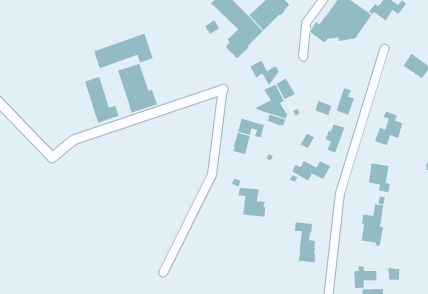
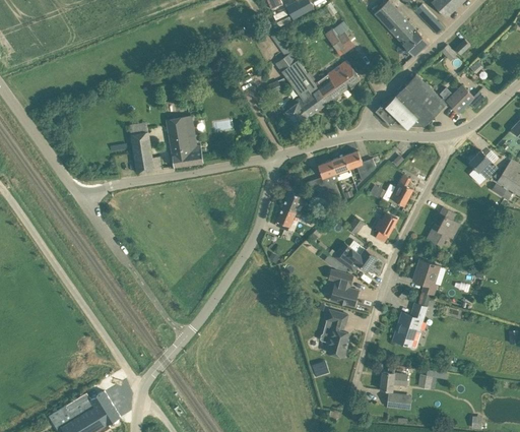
building: [93,33,153,69] -> none
building: [249,60,280,87] -> [343,149,375,179]
building: [238,187,266,217] -> [328,269,356,305]

